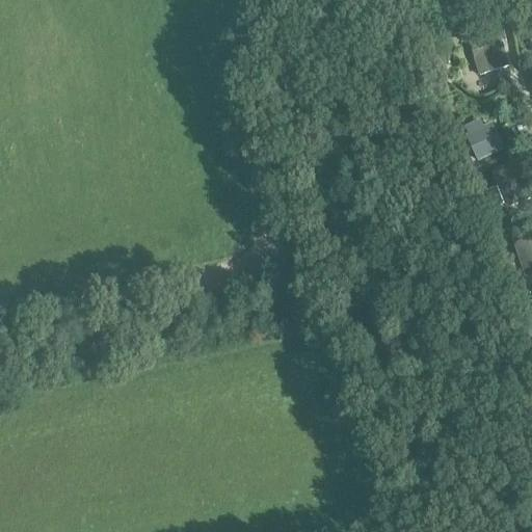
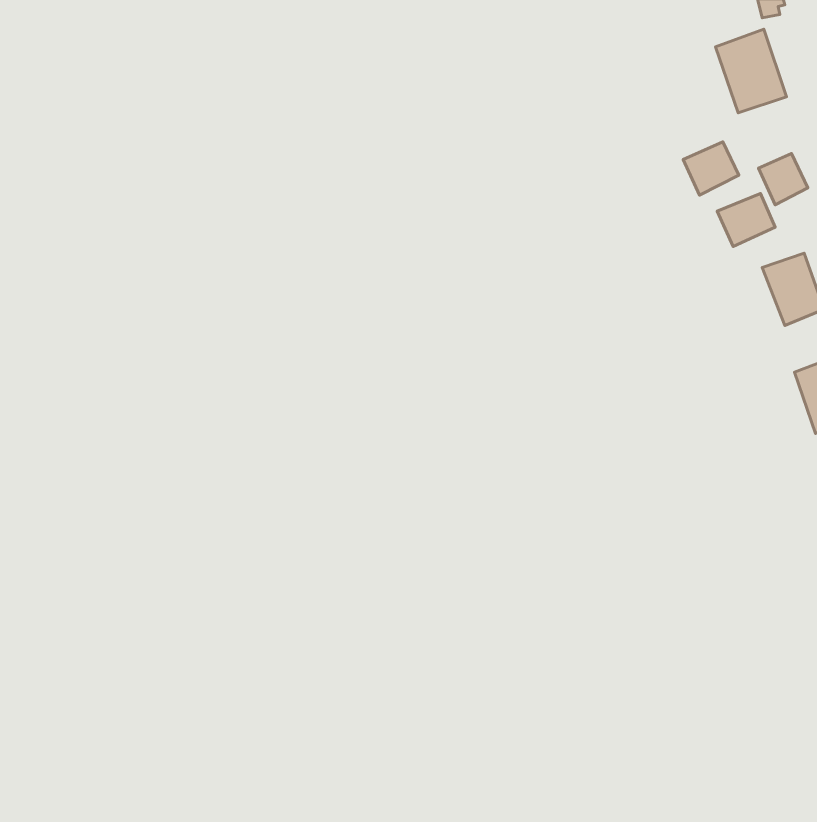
building: none -> [683,142,739,195]
building: none -> [759,154,808,205]

